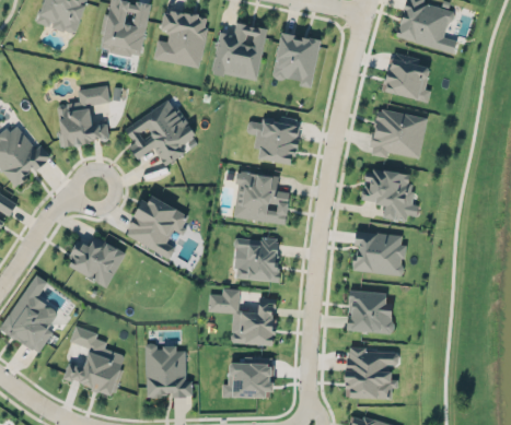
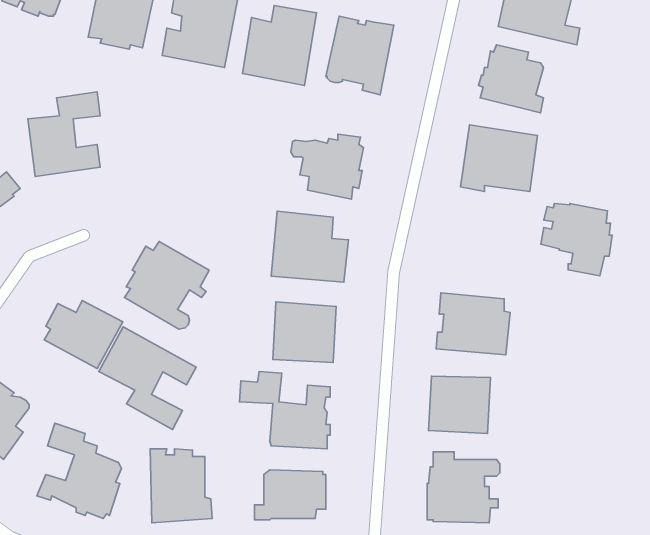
building: [125,101,195,166] -> none
building: [363,168,415,221] -> [541,203,612,276]
building: none -> [99,327,196,430]

